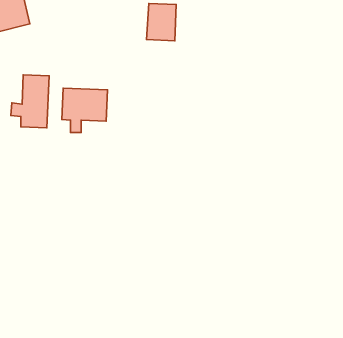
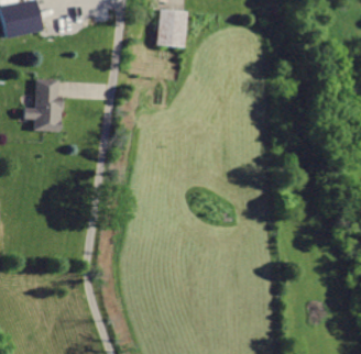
building: [62,88,108,133] -> none

